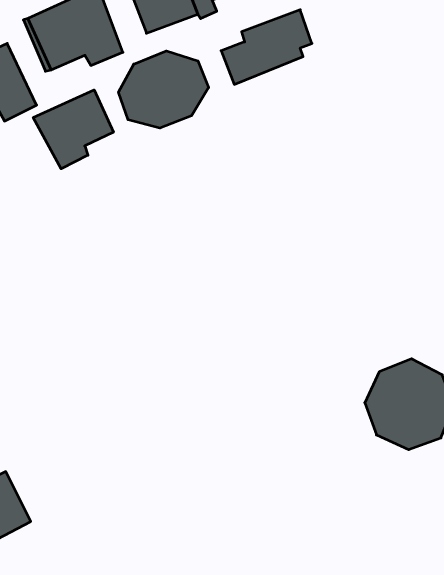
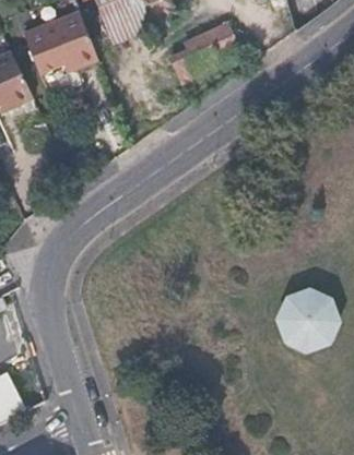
building: [119,51,209,128] -> none
building: [33,90,113,169] -> none

